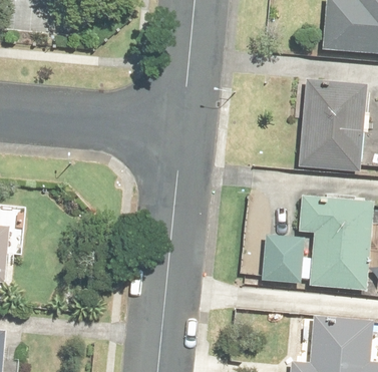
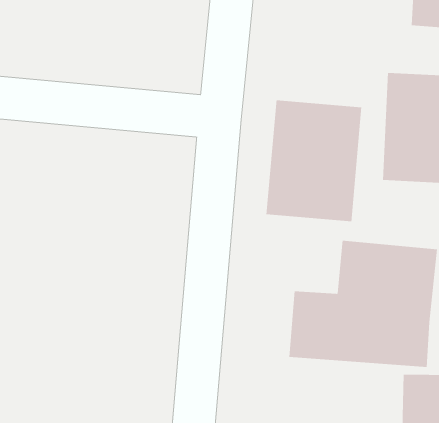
building: none -> [266,100,362,222]

